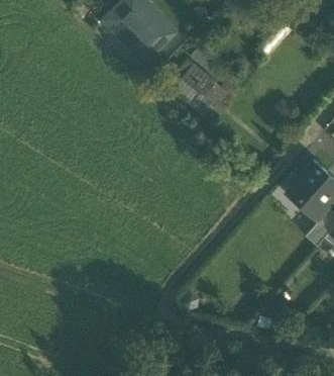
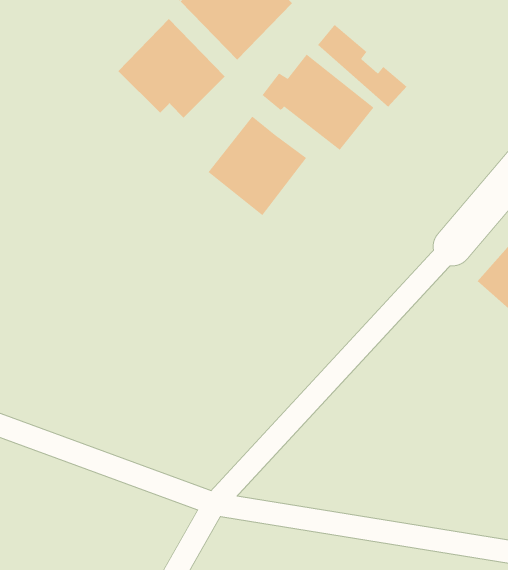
building: none -> [118,18,226,118]
building: none -> [207,116,307,216]

